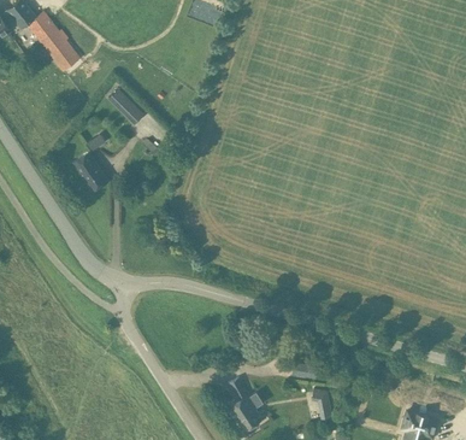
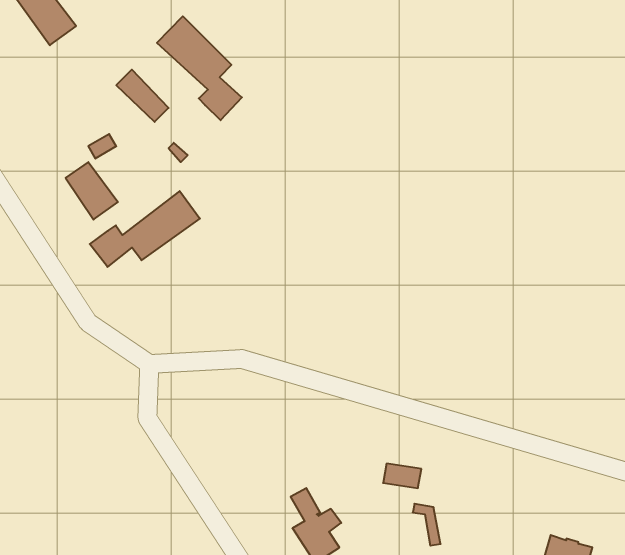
building: none -> [157,16,242,120]
building: none -> [90,191,200,267]

